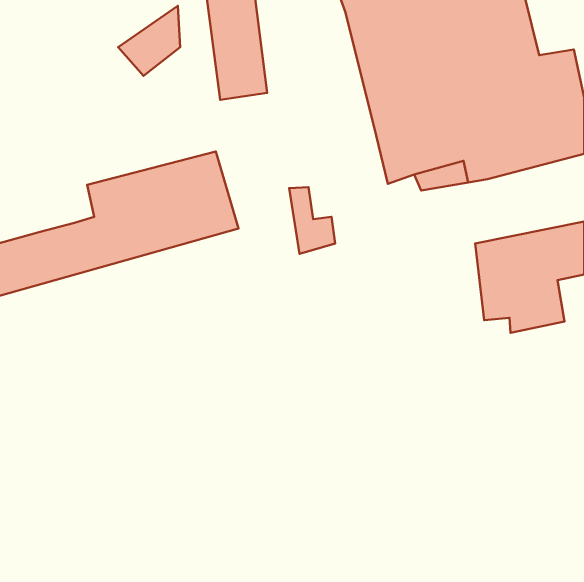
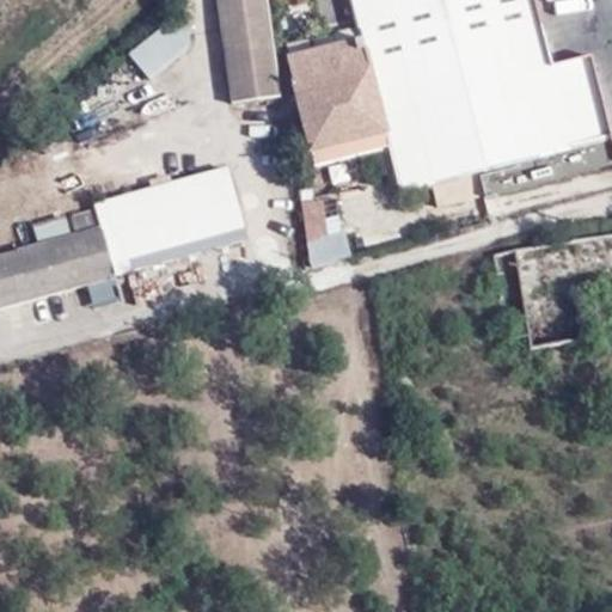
building: none -> [287,13,392,159]

